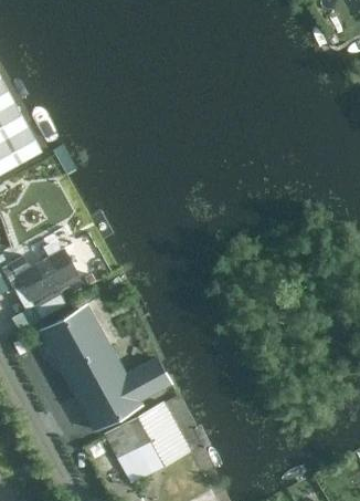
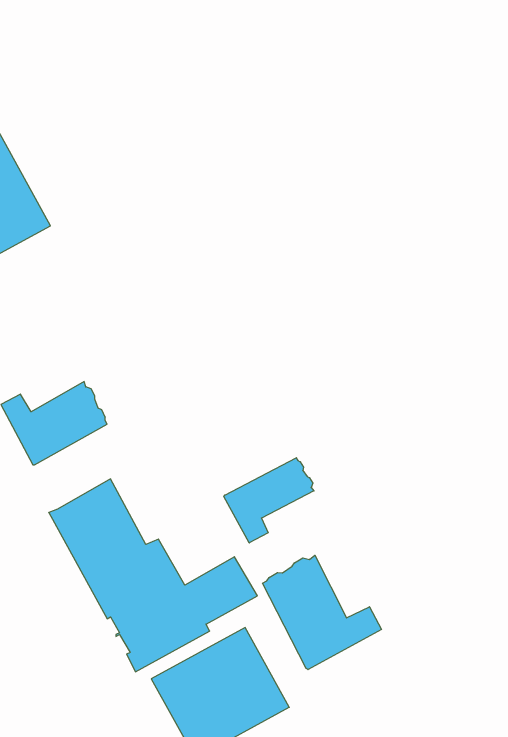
building: none -> [224,458,314,543]
building: none -> [263,555,381,670]

